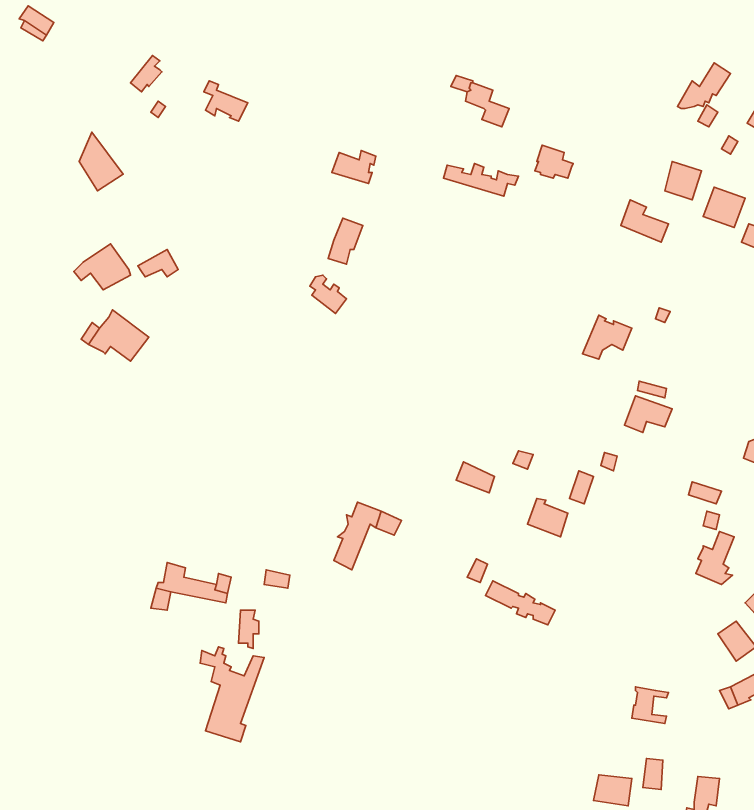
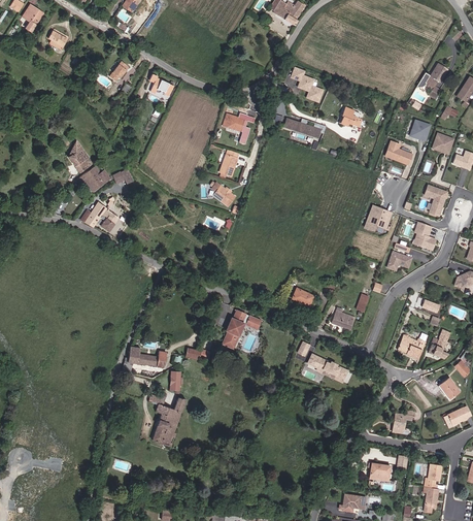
building: [79,132,123,191] -> [70,140,95,173]
building: none -> [426,185,449,217]
building: none -> [413,222,438,252]
building: none -> [396,334,424,359]

